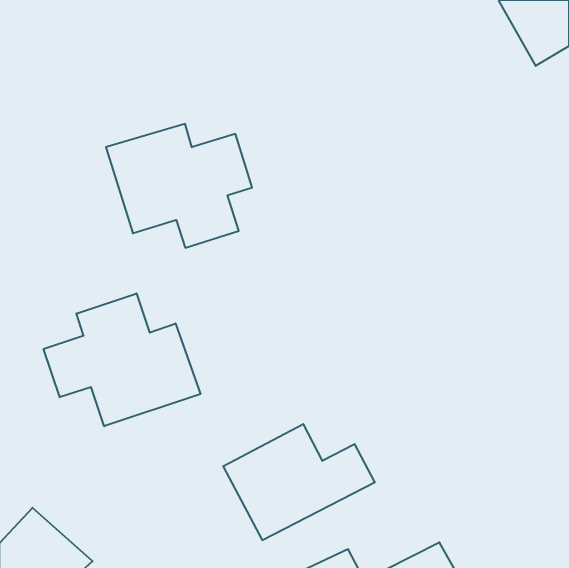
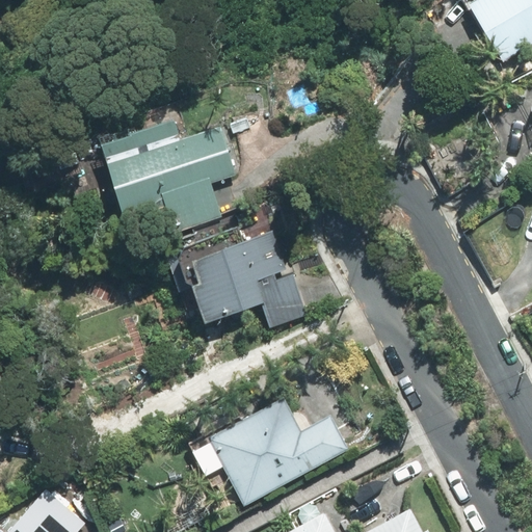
building: none -> [185,232,307,329]
building: [44,293,200,426] -> none

